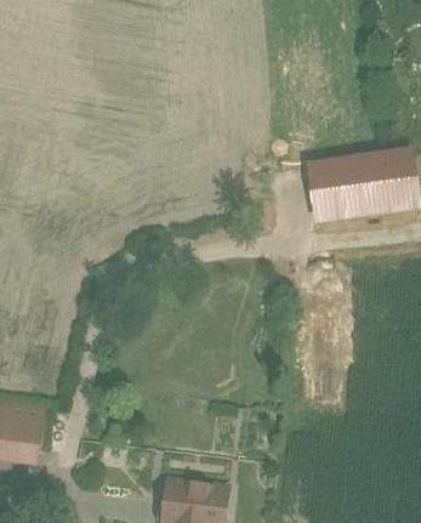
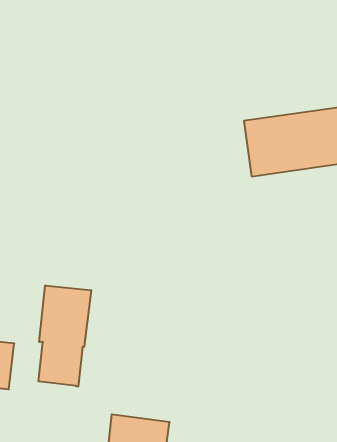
building: none -> [39,285,91,387]

